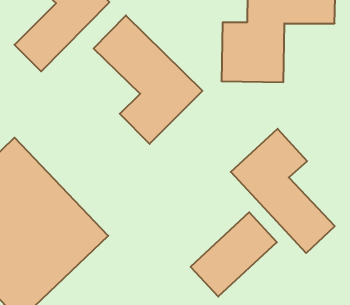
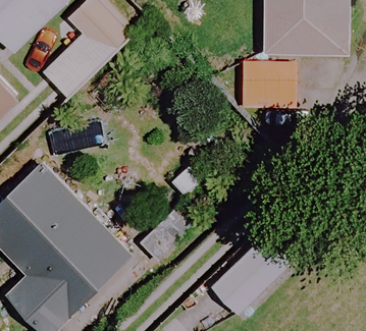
building: [94,15,202,144] -> none
building: [231,129,335,253] -> none

